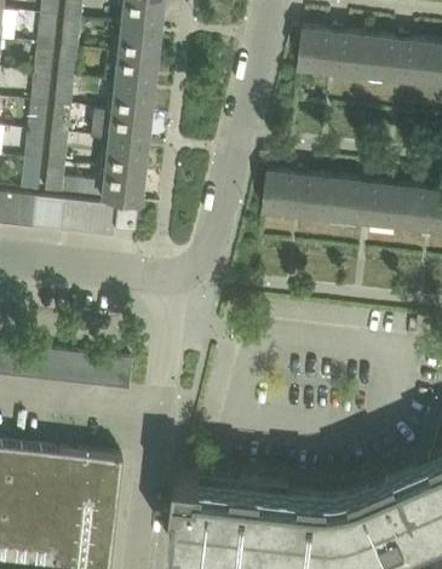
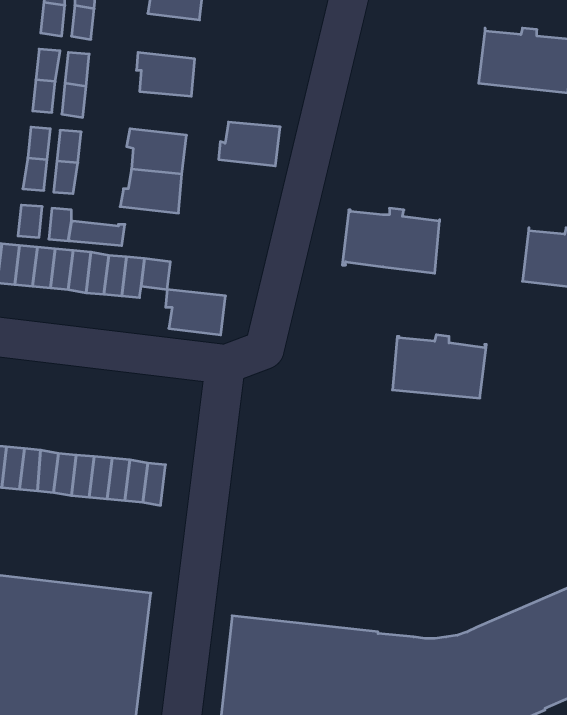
building: [111,29,157,63] -> none
building: [288,33,371,81] -> none
building: [105,87,151,120] -> [219,122,280,166]
building: [97,173,142,207] -> [166,289,226,335]
building: [333,182,403,229] -> [392,335,486,398]

